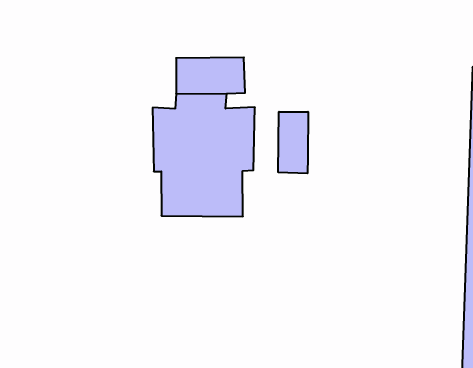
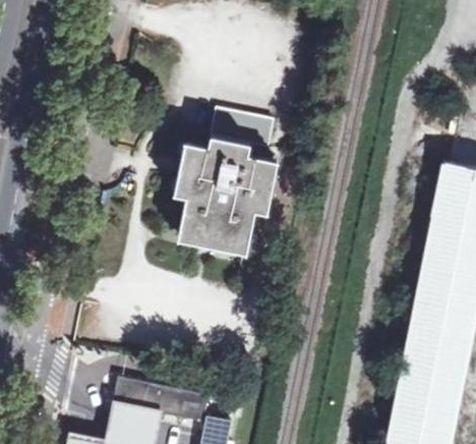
building: [278,112,308,173] -> none

